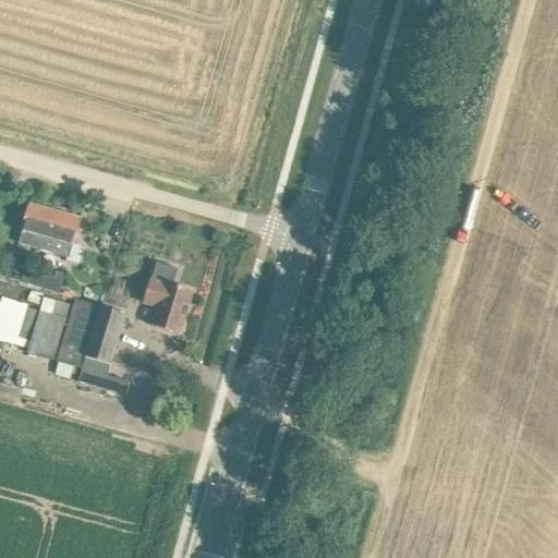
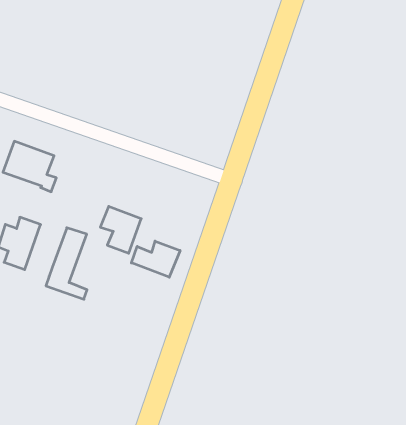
building: [57,298,100,366] -> none
building: none -> [131,241,180,277]

